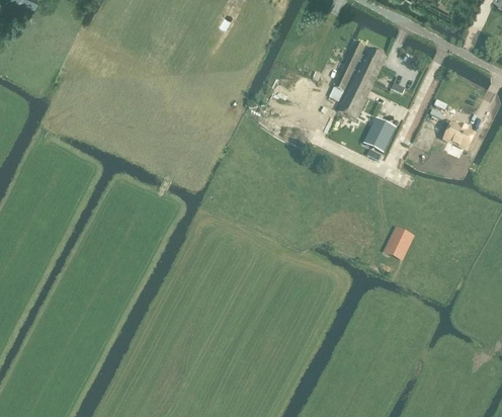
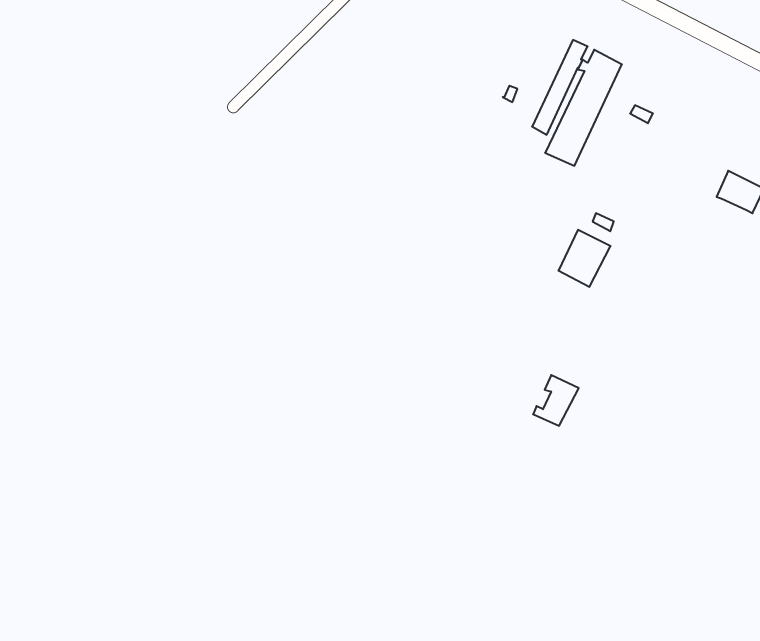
building: [363,115,396,151] -> [558,230,611,287]
building: [385,226,413,257] -> [533,375,579,426]

